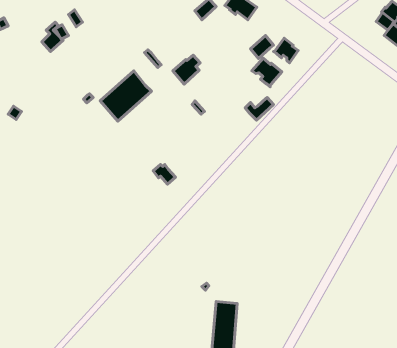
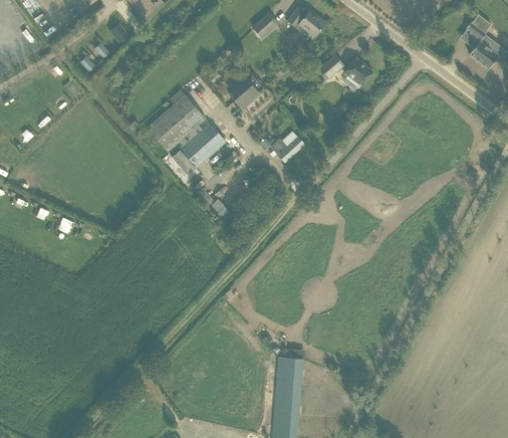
building: [252,58,282,87] -> none
building: none -> [171,123,226,175]
building: [245,97,273,120] -> [272,136,304,162]

